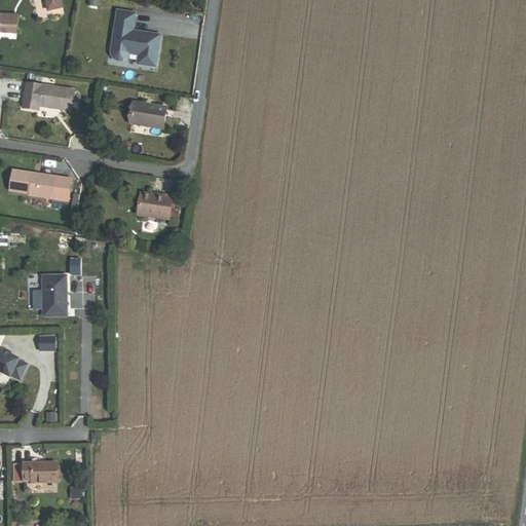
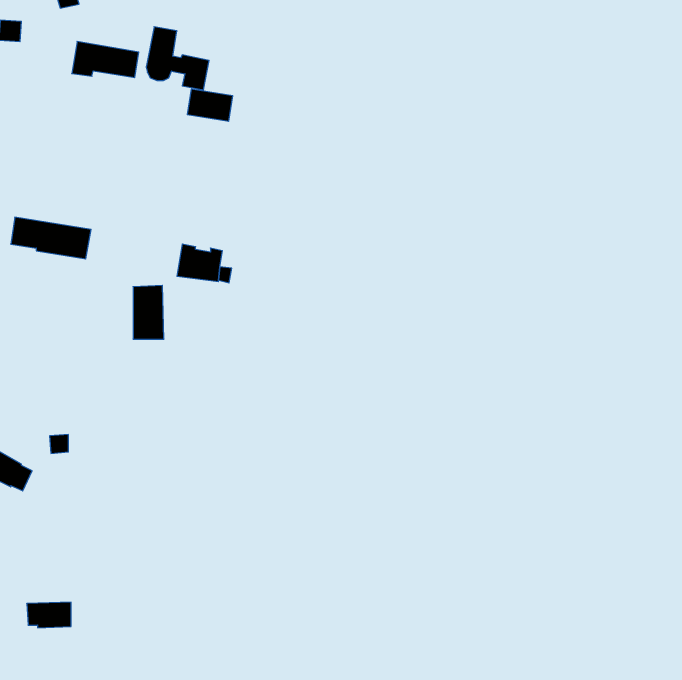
building: [22,84,73,112] -> [72,41,139,78]
building: [130,105,165,129] -> [187,89,233,121]
building: [41,271,65,312] -> [133,285,164,339]

